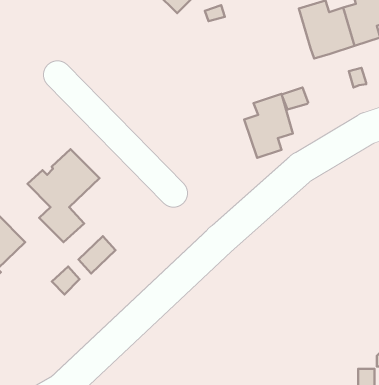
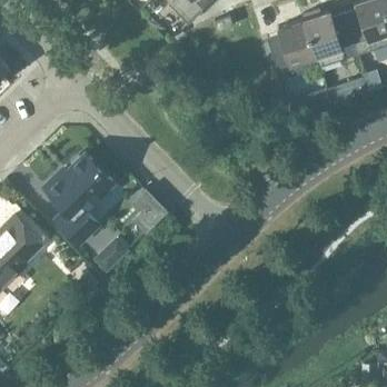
building: [244,94,293,158] -> [269,20,316,81]
building: none -> [132,187,169,234]

